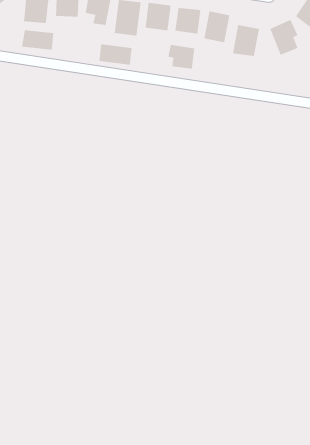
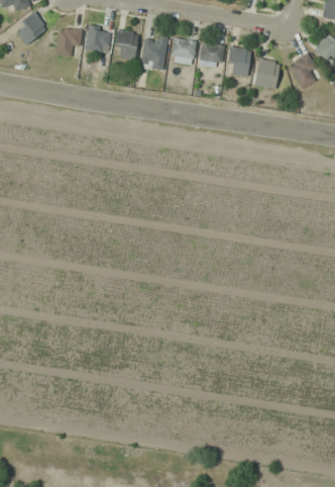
building: [22,29,54,51] -> none
building: [99,44,132,65] -> none
building: [168,44,195,69] -> none

